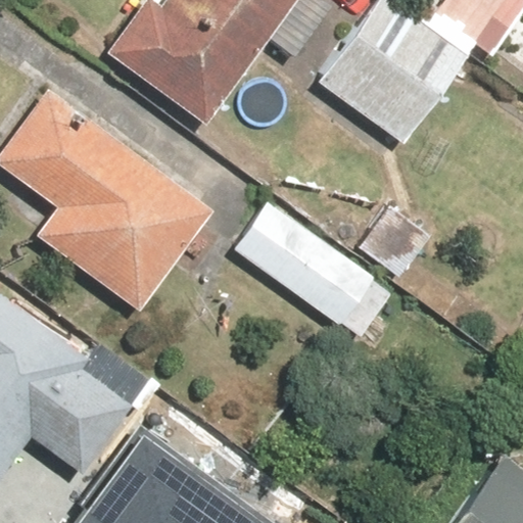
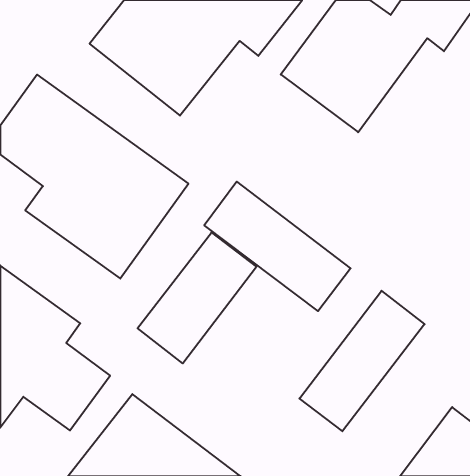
building: none -> [138,232,256,363]
building: none -> [299,291,425,431]

